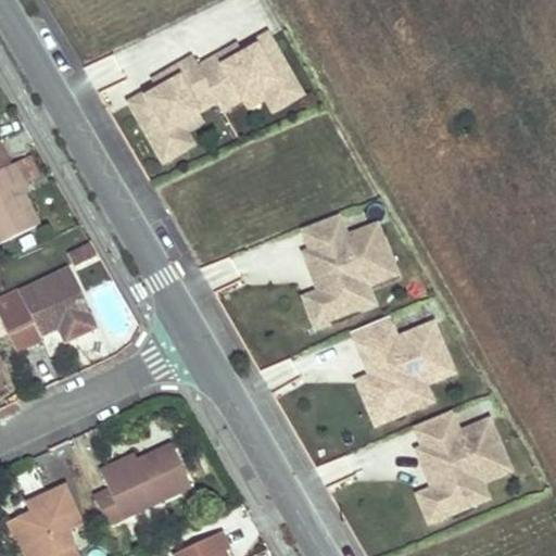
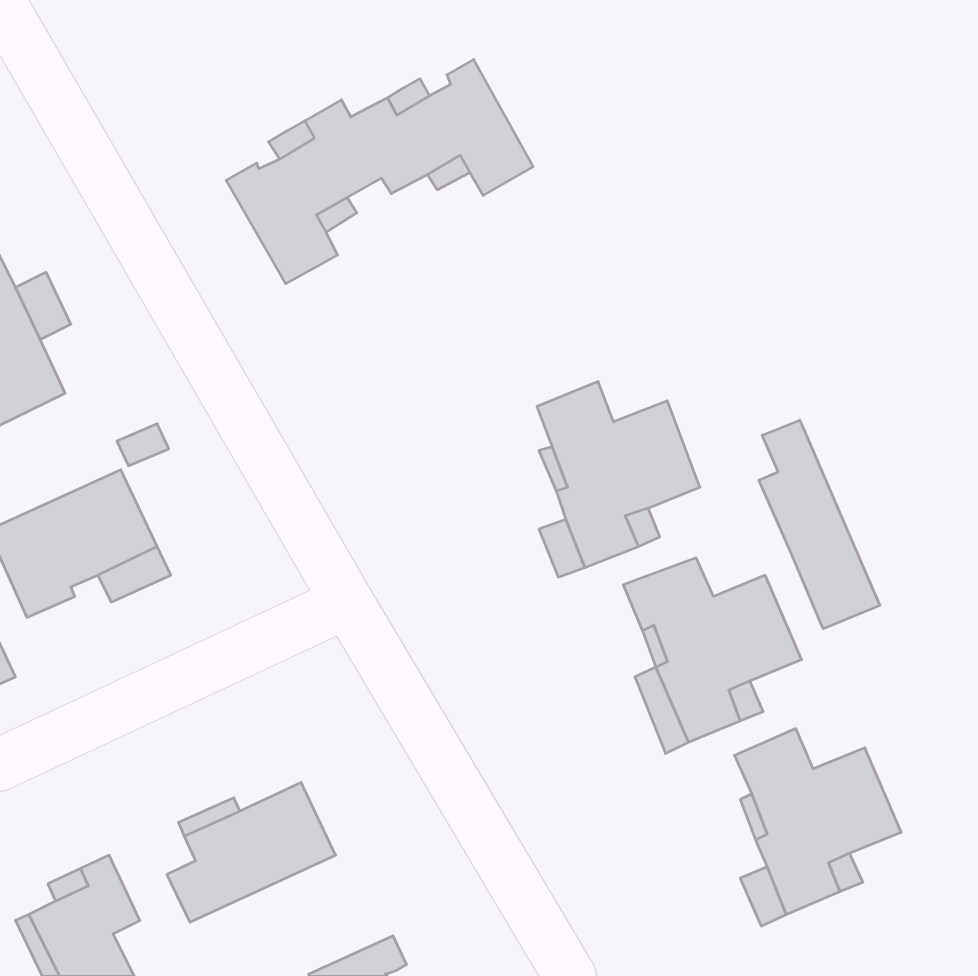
building: none -> [759,420,880,629]

